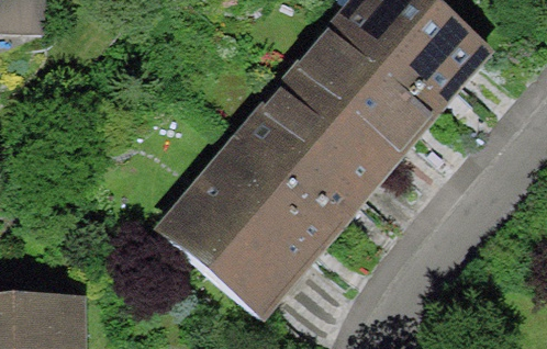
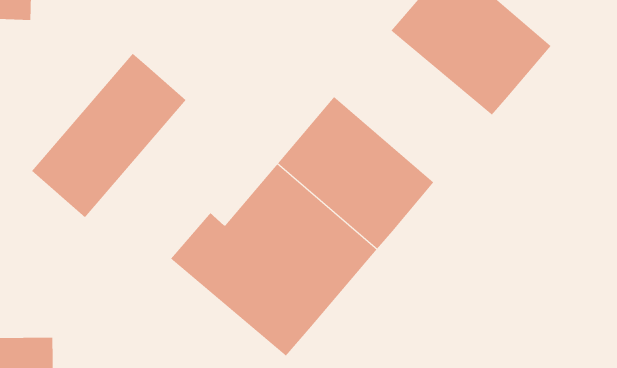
building: [301,34,436,164] -> none
building: none -> [31,53,186,218]

